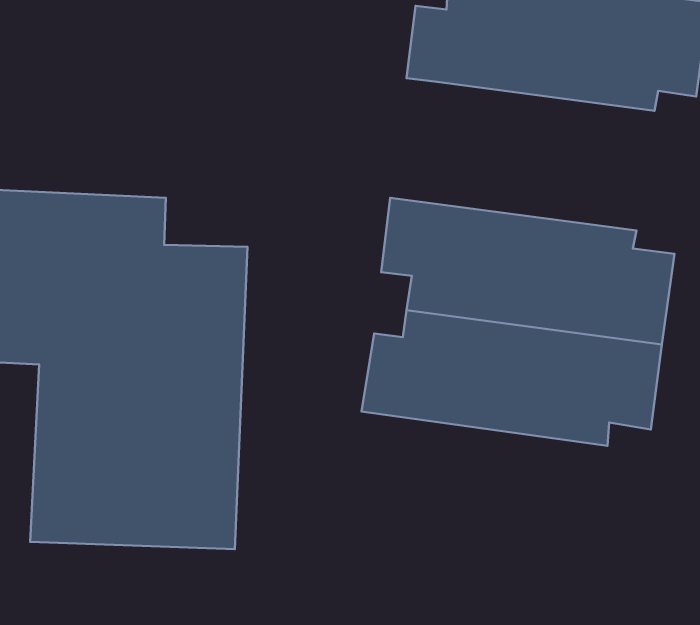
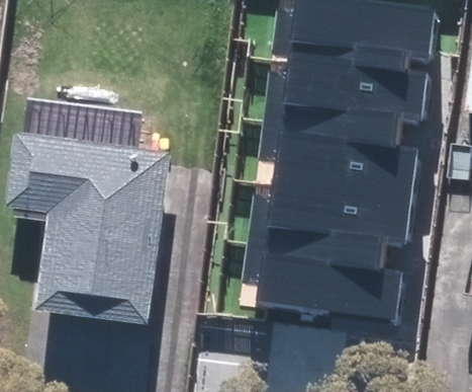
building: none -> [257,52,426,135]
building: none -> [234,236,398,323]

